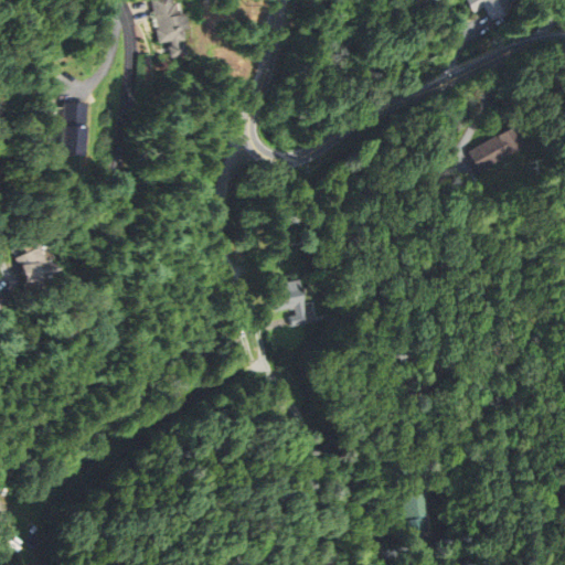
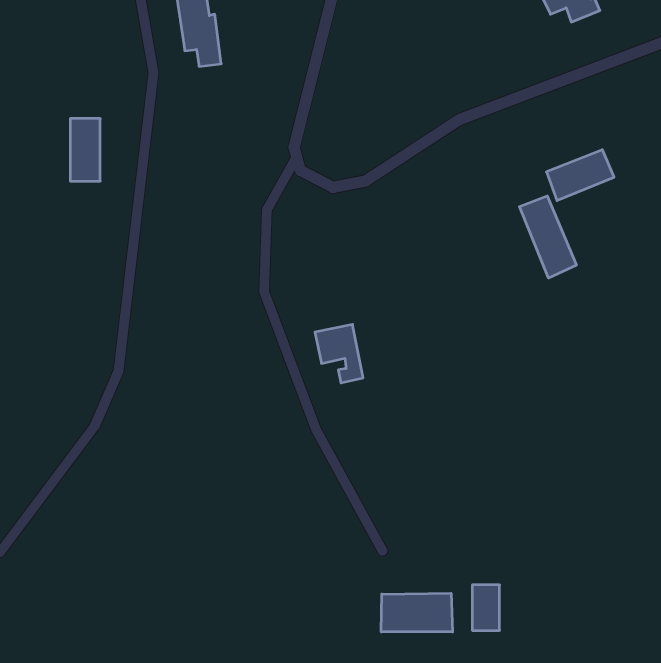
building: none -> [519,196,576,278]
building: [21,246,58,296] -> none
building: none -> [381,593,453,632]

